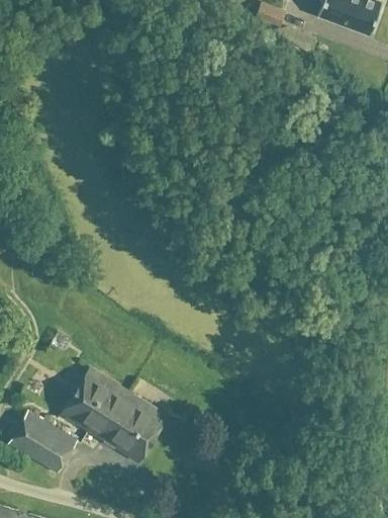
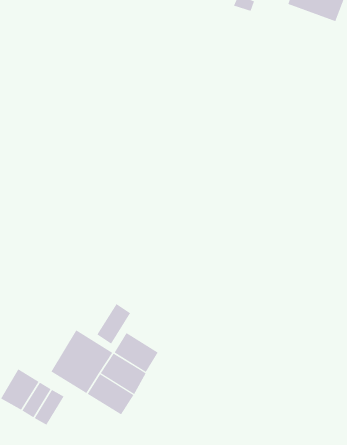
building: none -> [97,303,131,344]
building: none -> [114,332,159,373]

